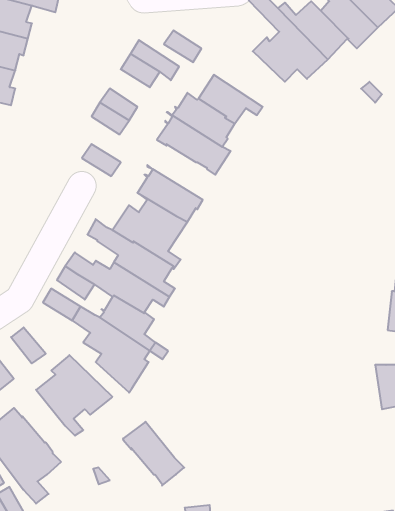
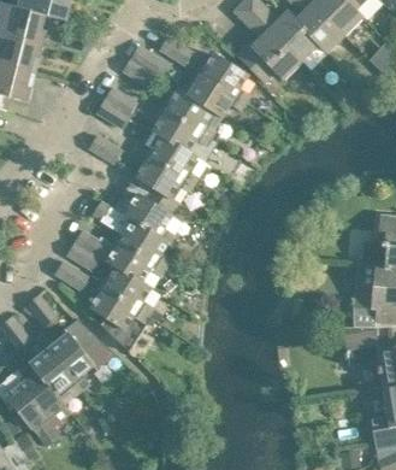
building: none -> [202,55,249,101]
building: none -> [144,130,209,182]
building: [123,422,184,486] -> [29,347,82,403]

